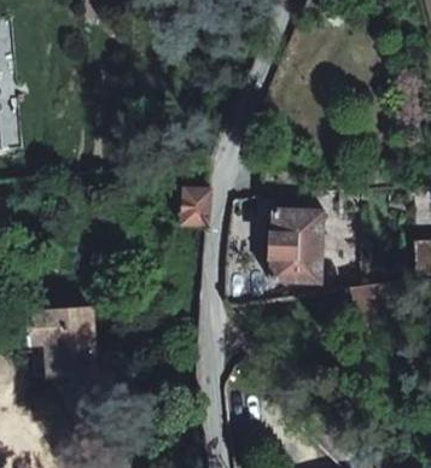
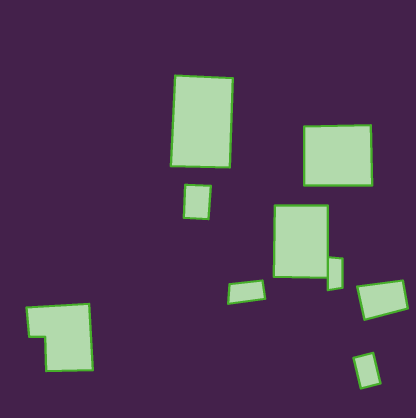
building: none -> [171,75,233,168]
building: none -> [304,125,372,186]

